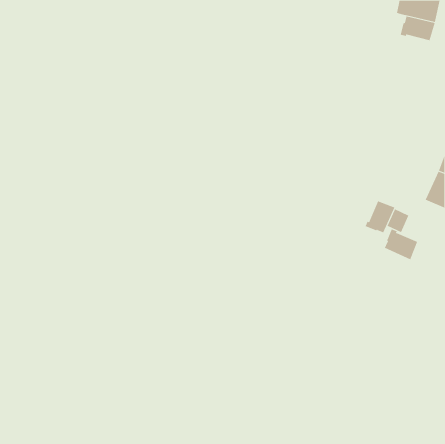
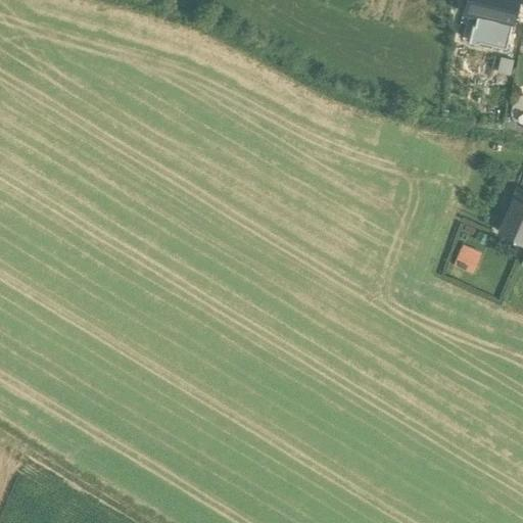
building: [365,200,395,233] -> none
building: [384,229,418,260] -> none

